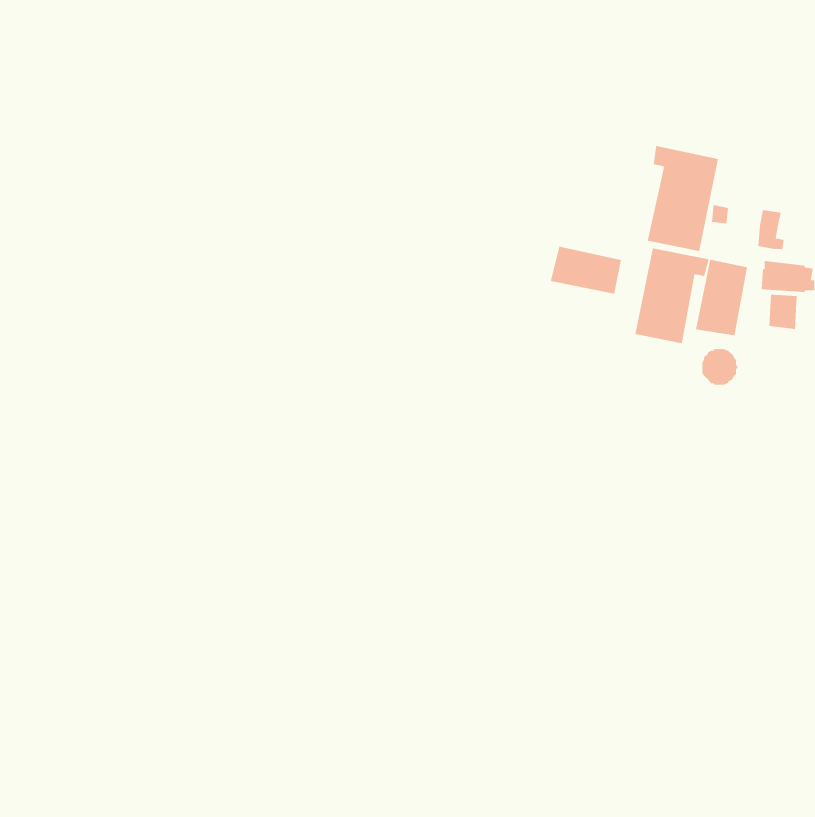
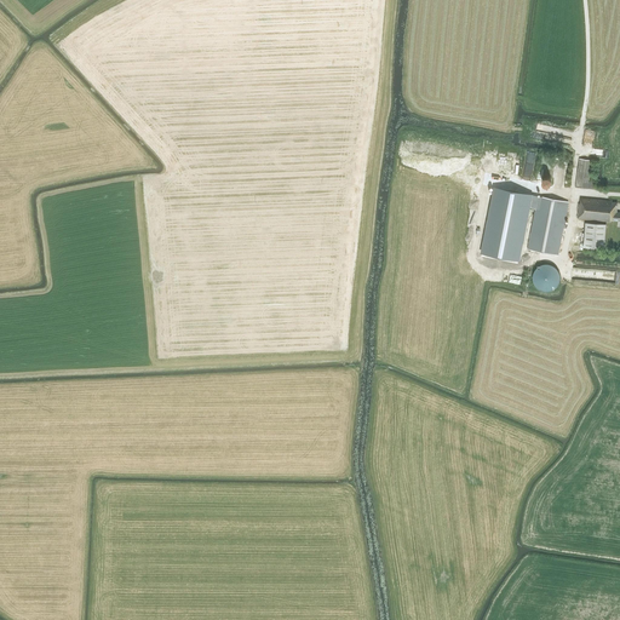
building: [647,145,719,252] -> none
building: [550,246,621,295] -> none

